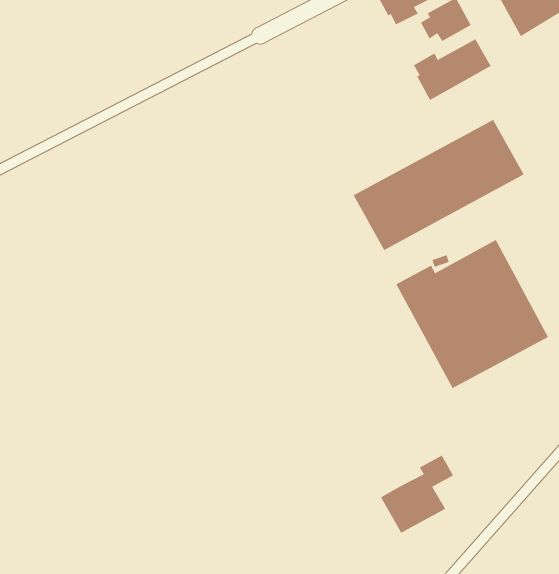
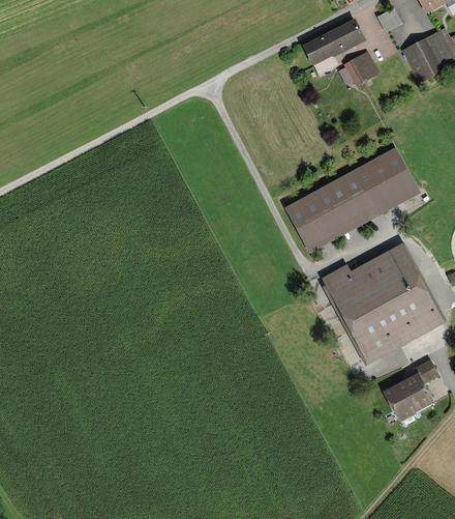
building: [413,38,491,101] -> none
building: [380,455,454,533] -> [383,357,442,421]

